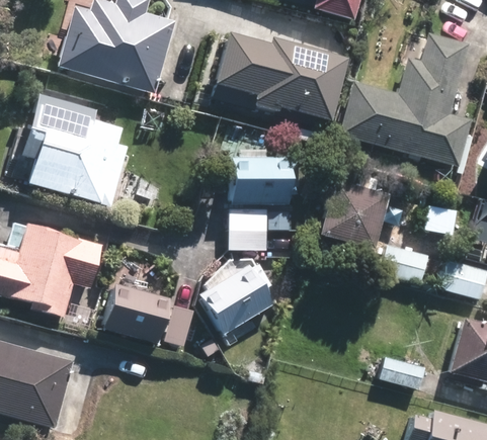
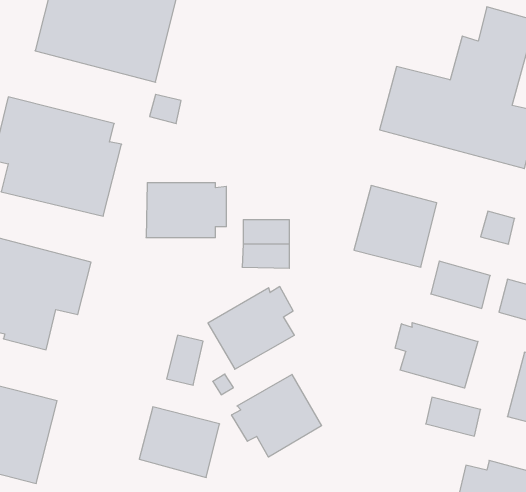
building: [212,34,346,122] -> none
building: [232,158,299,203] -> [146,183,226,238]
building: [103,284,170,343] -> [139,407,220,477]
building: none -> [395,323,478,388]
building: none -> [232,374,322,457]

